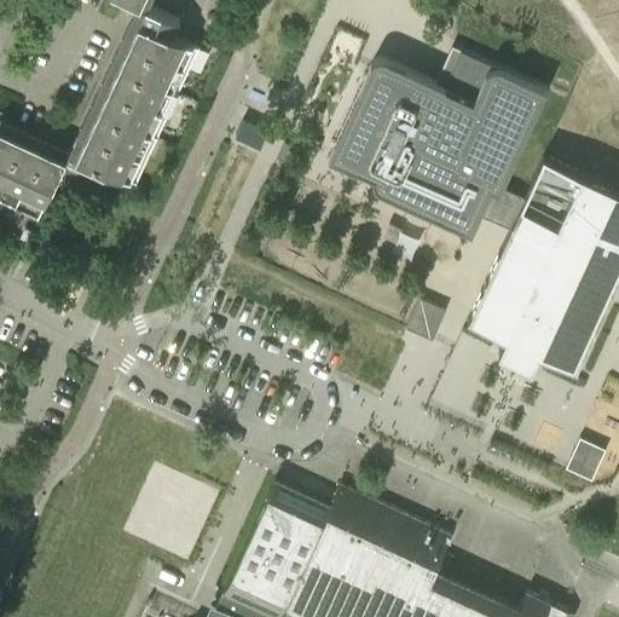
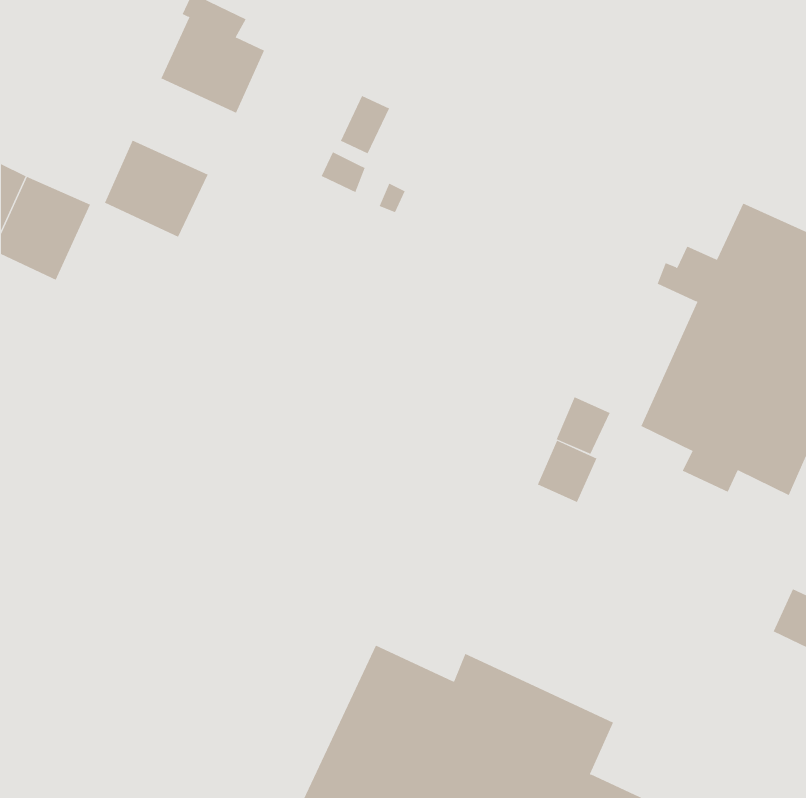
building: [328,54,546,237] -> none
building: [97,70,173,140] -> none
building: none -> [340,95,390,154]
building: none -> [537,440,597,503]

